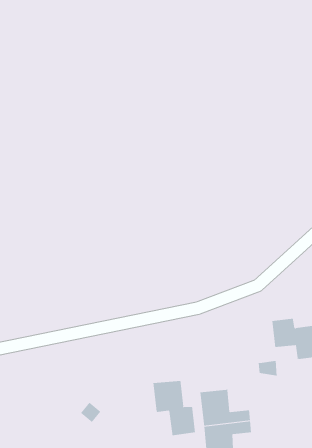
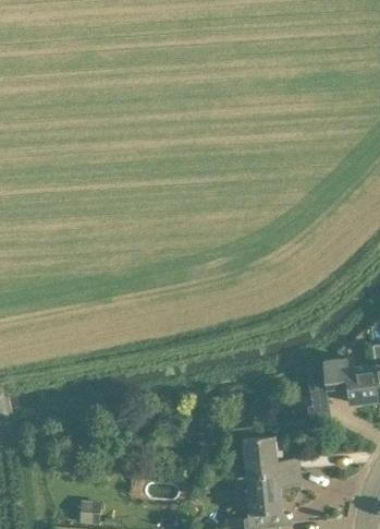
building: [153,380,196,436] -> none

